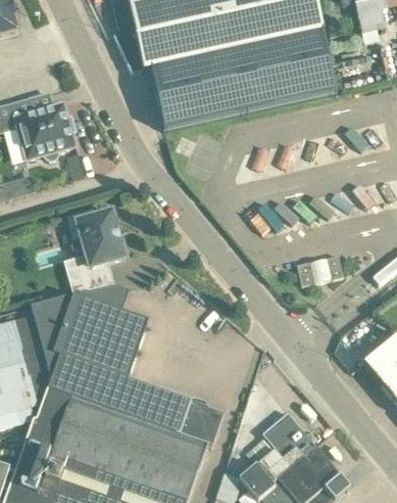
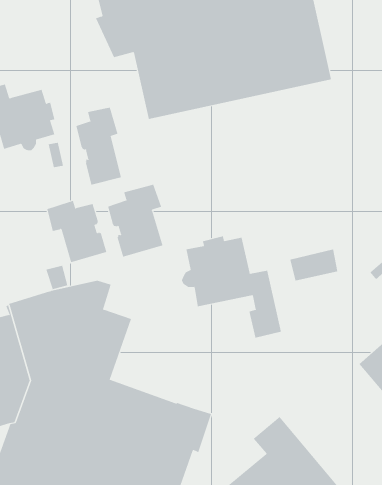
building: none -> [76,107,122,185]
building: none -> [107,184,163,258]
building: none -> [181,236,281,339]

